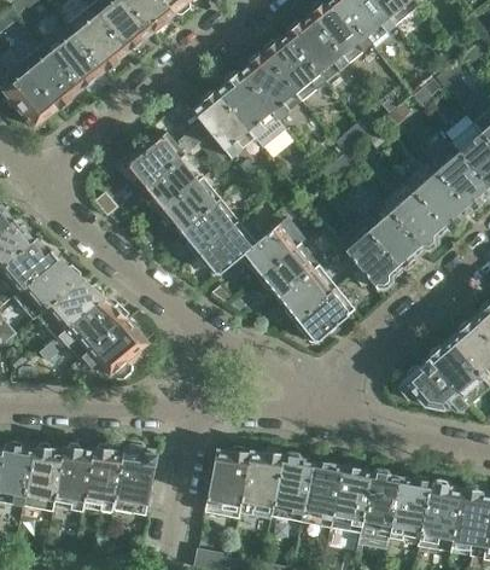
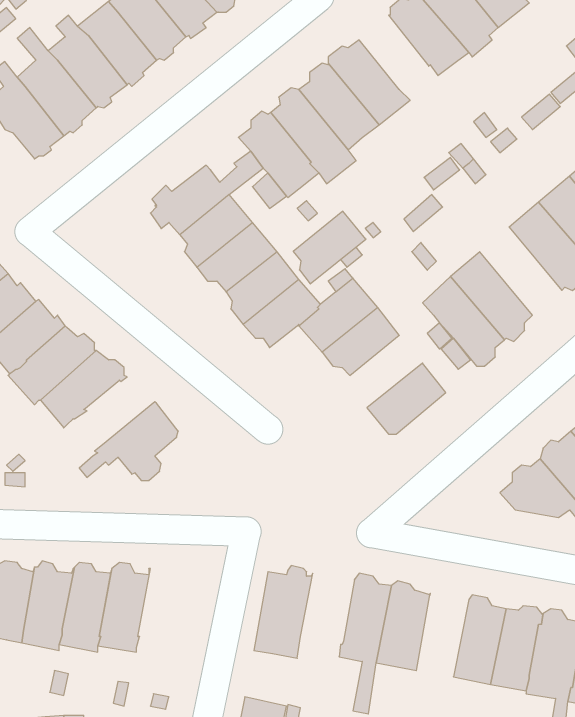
building: [287,14,349,81] -> none
building: [381,180,445,250] -> none
building: [280,264,337,321] -> [293,211,366,284]
building: [40,297,130,360] -> none
building: [113,443,157,514] -> none
building: [239,448,284,518] -> none
building: [332,463,373,531] -> none

